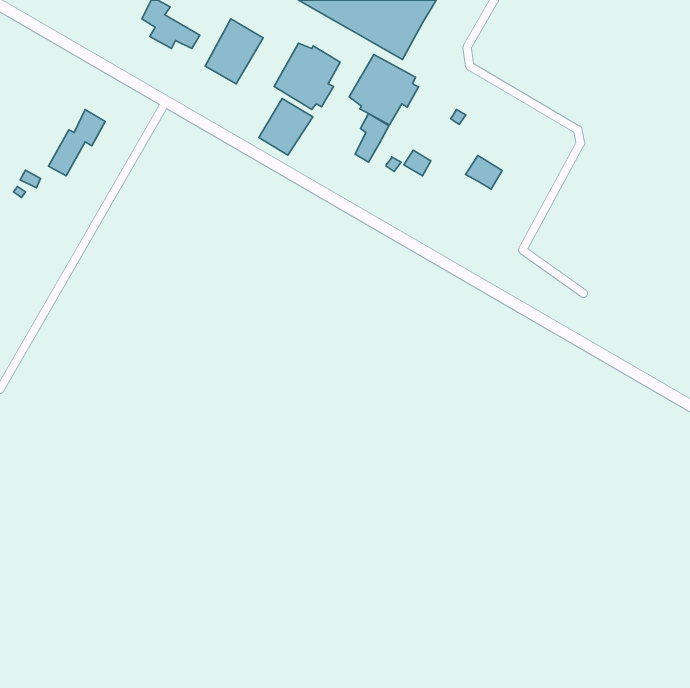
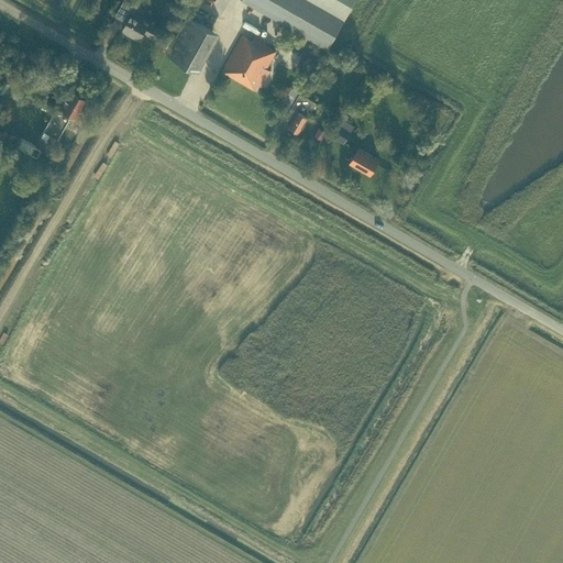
building: [349,55,418,125] -> none
building: [259,99,313,155] -> none
building: [466,156,502,189] -> [350,150,379,177]

